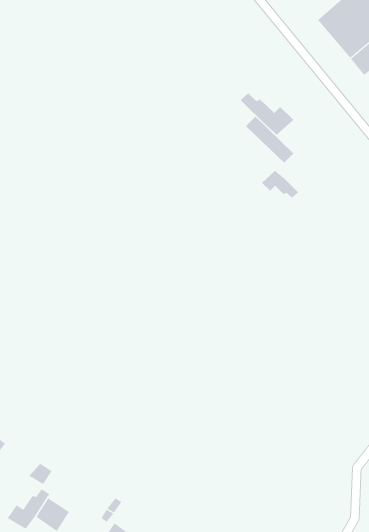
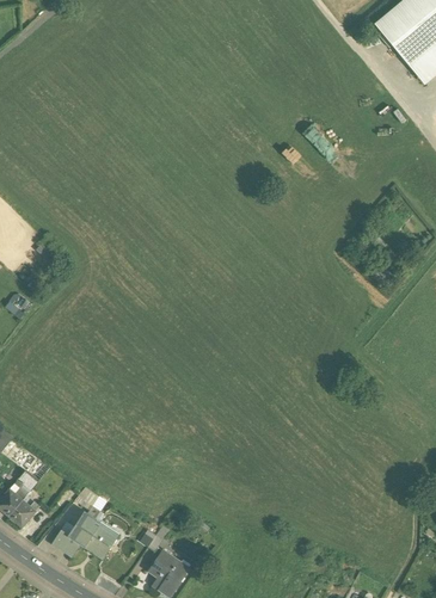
building: [240,93,294,135] -> none
building: [261,170,299,199] -> none

